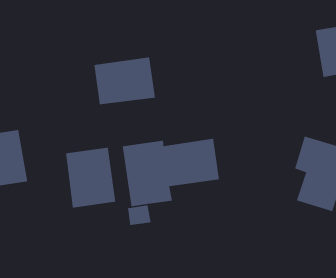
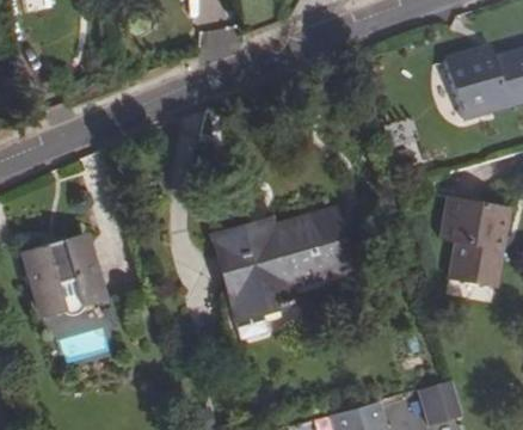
building: [94,57,156,105] -> none
building: [65,147,116,208] -> none

